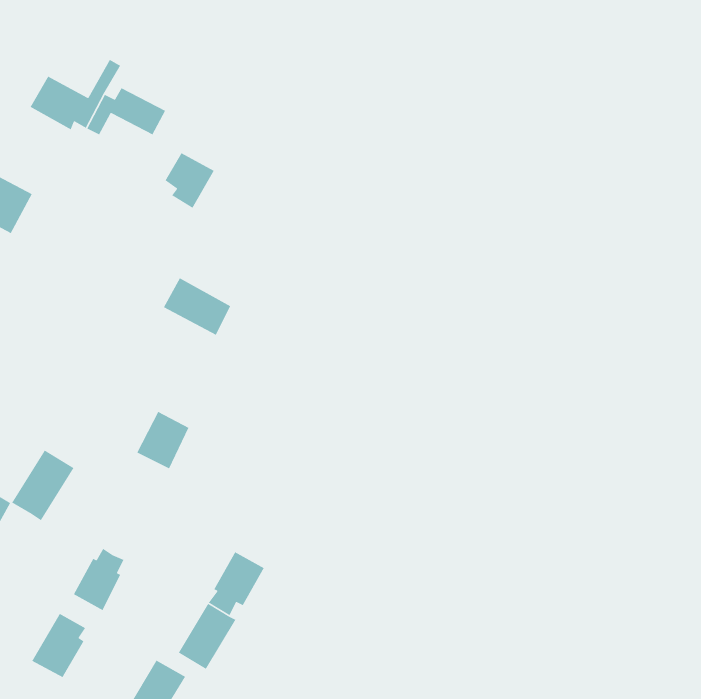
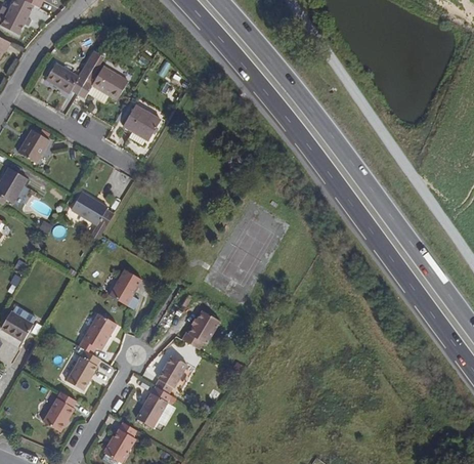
building: [163,277,231,336] -> [70,186,112,222]
building: [11,449,74,521] -> [77,312,116,356]
building: none -> [179,308,218,348]

